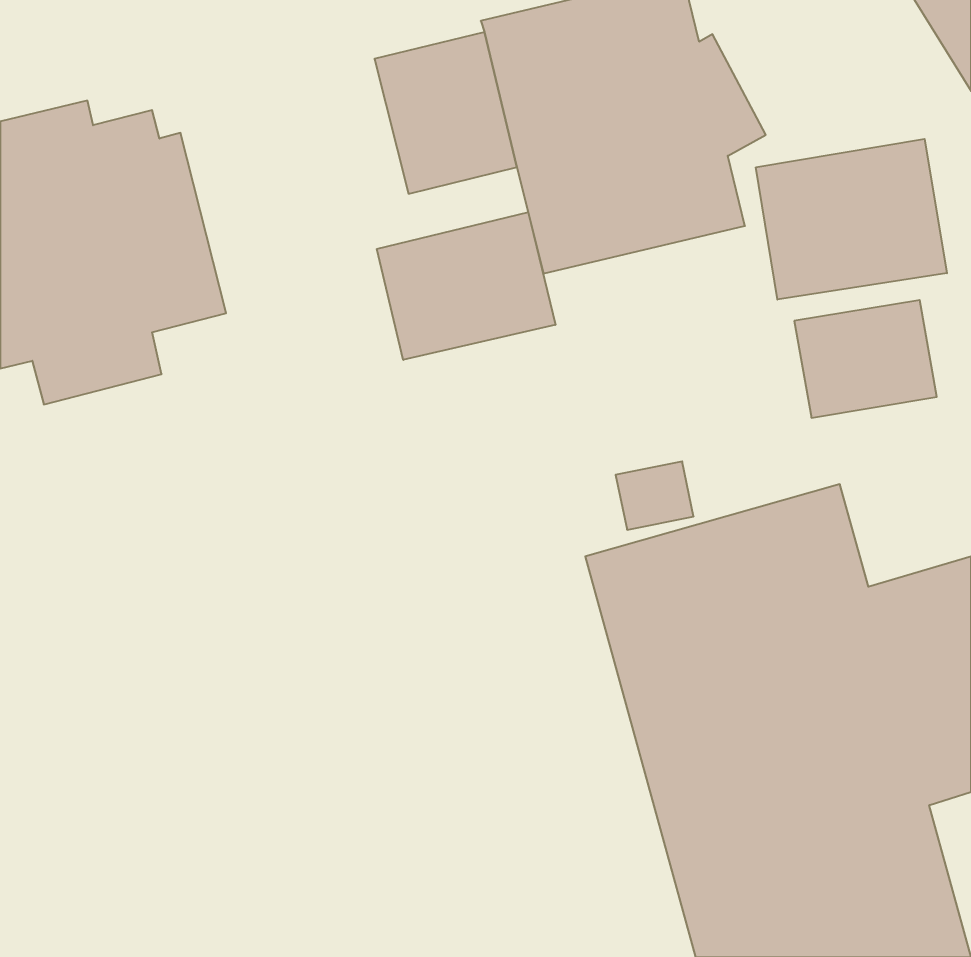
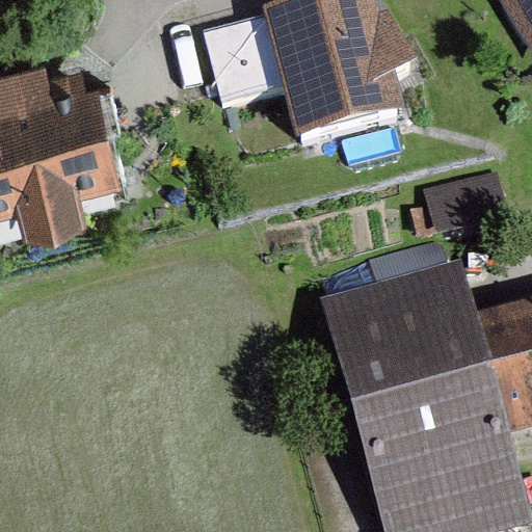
building: [756,139,947,300] -> none
building: [377,212,555,360] -> none

